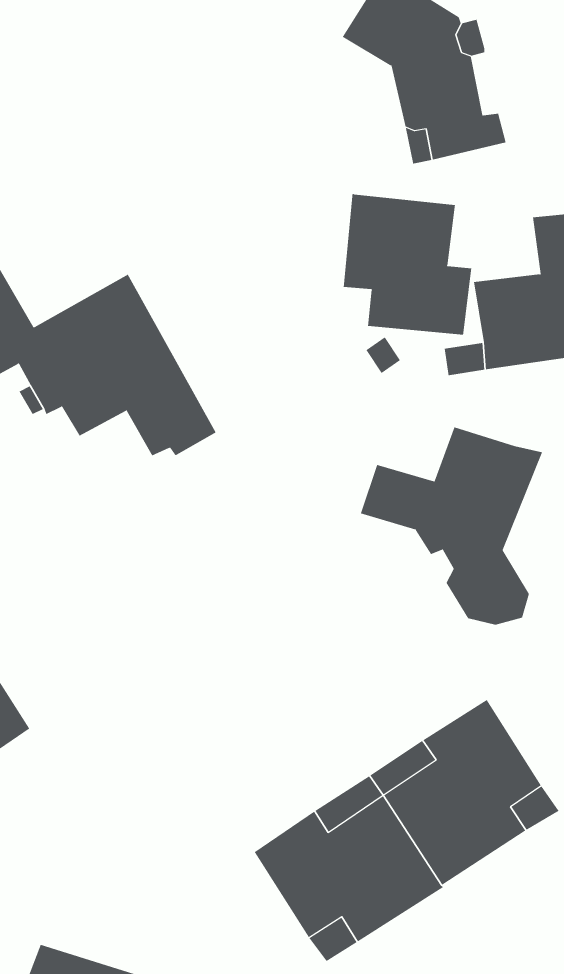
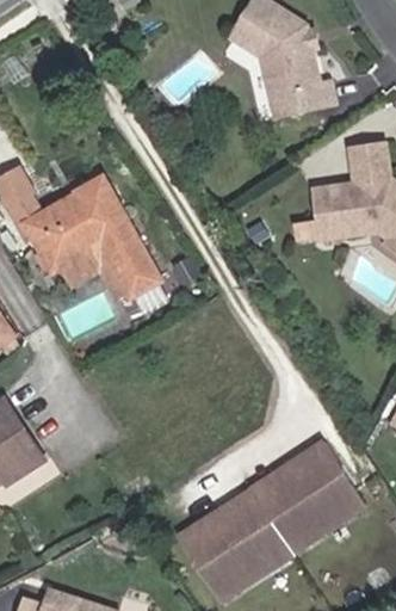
building: [343,193,472,336] -> none
building: [360,426,543,625] -> none

